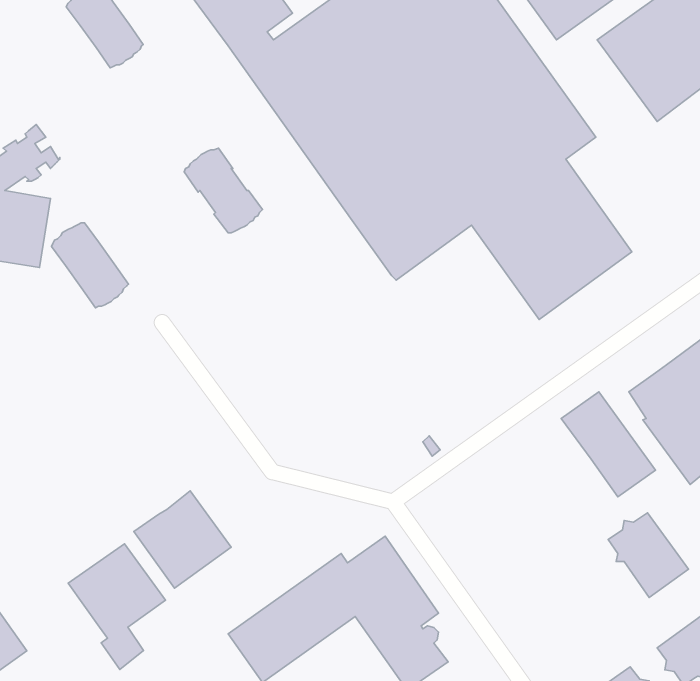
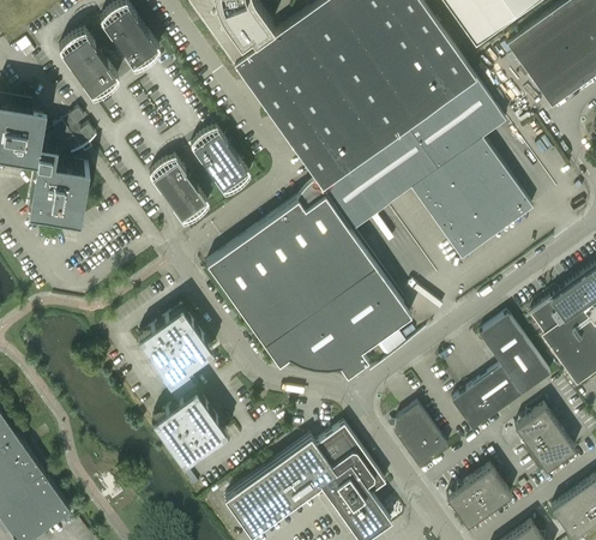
building: none -> [59,30,119,95]
building: none -> [207,179,411,378]
building: [51,223,128,308] -> [150,157,209,222]
building: none -> [451,365,522,430]
building: none -> [395,403,448,467]
building: [68,544,166,669] -> [138,307,212,403]
building: none -> [446,466,511,527]

